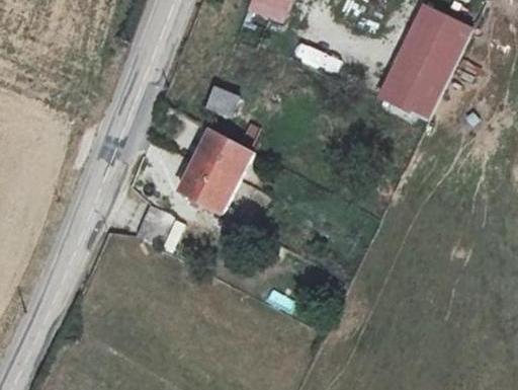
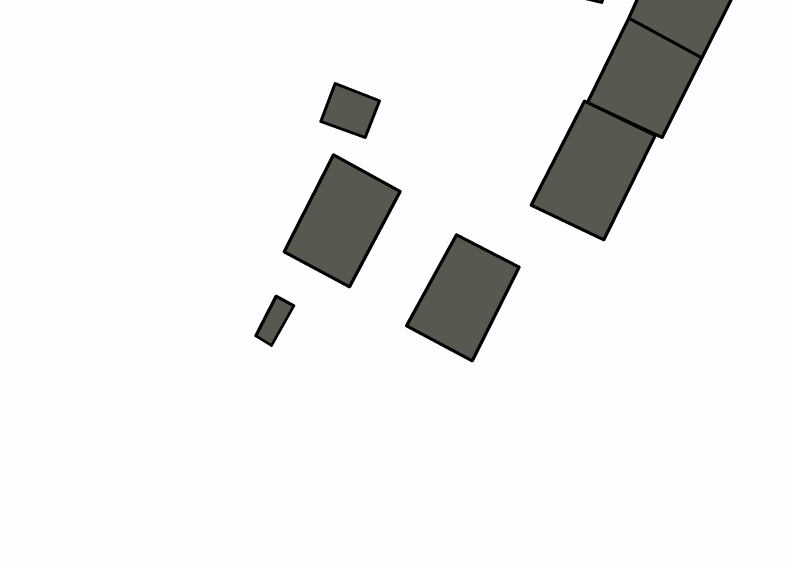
building: none -> [531,101,655,240]
building: none -> [407,235,519,361]

